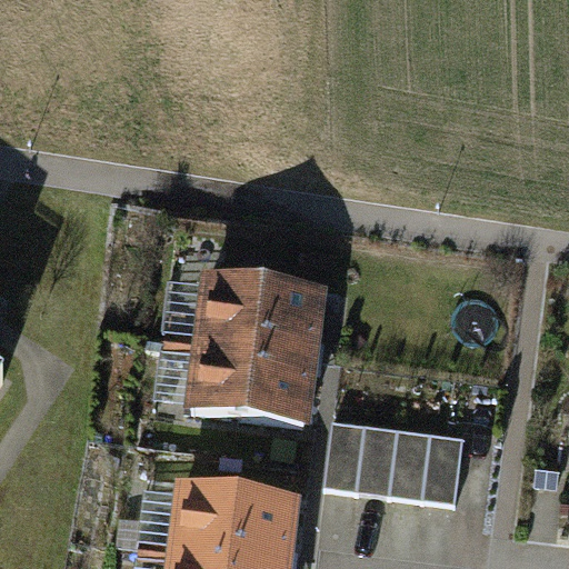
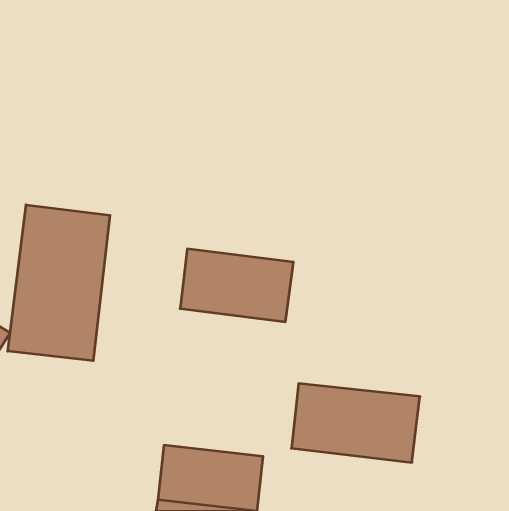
building: none -> [8,205,110,361]
building: [190,339,313,421] -> none

